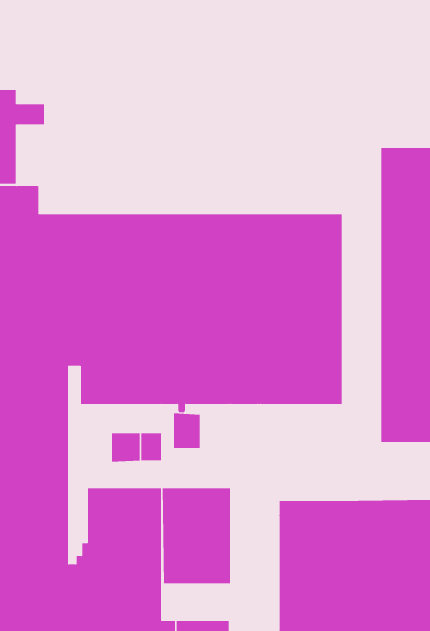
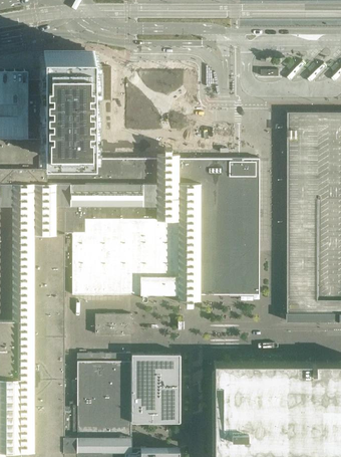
building: none -> [43,51,110,158]
building: [173,413,200,449] -> none

